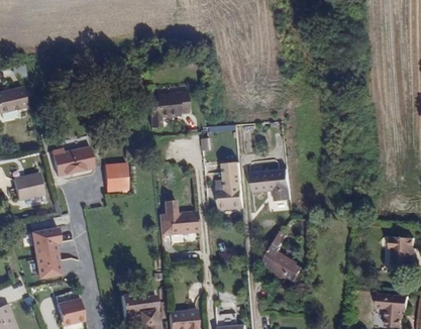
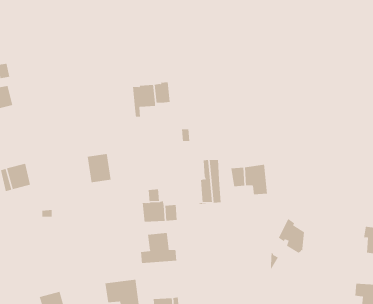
building: [51,143,96,175] -> none
building: [27,232,58,283] -> none
building: none -> [141,232,177,264]
building: [261,245,289,282] -> [278,218,305,254]

